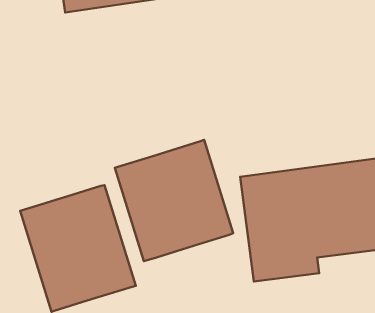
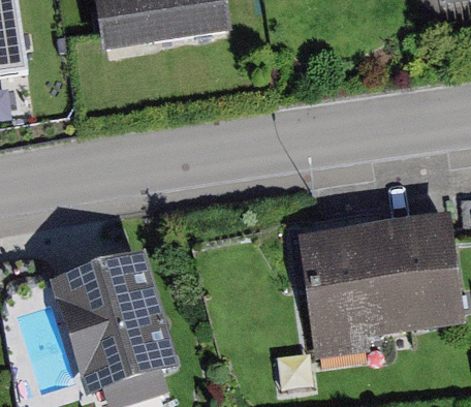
building: [115,140,233,261] -> none

